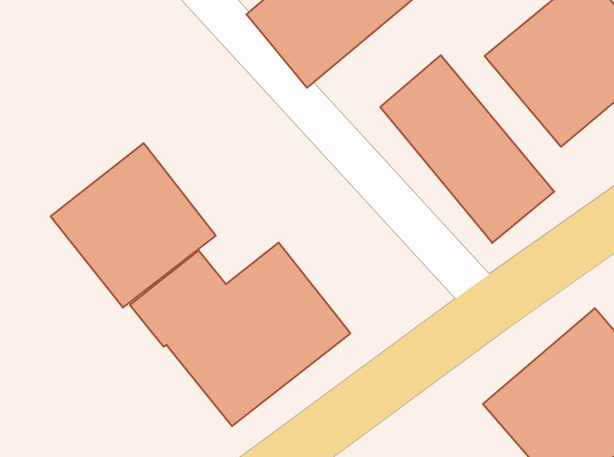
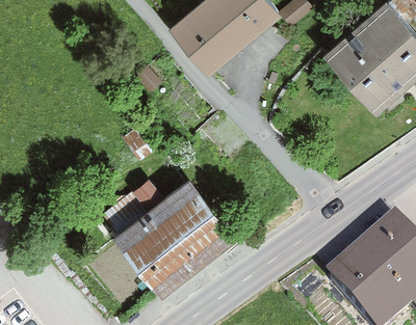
building: [380,55,554,243] -> none
building: [51,143,216,308] -> none

